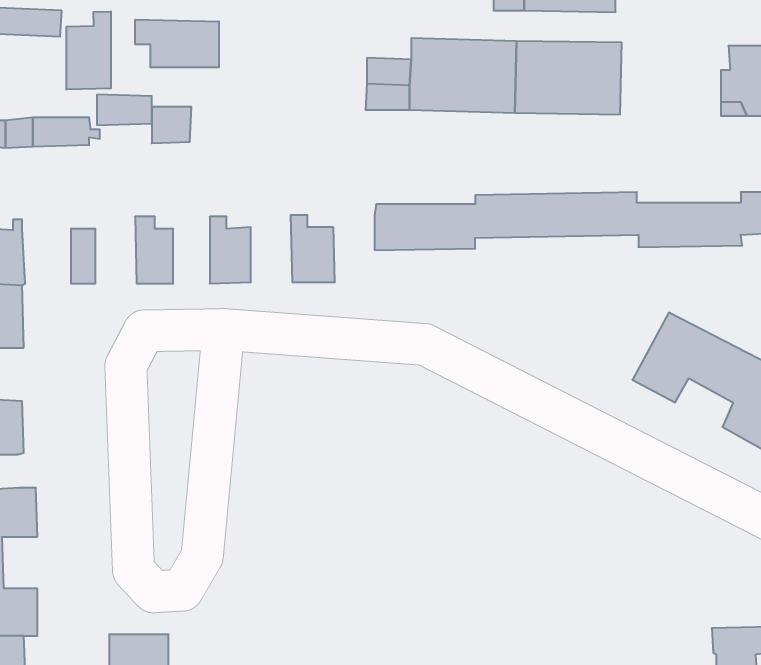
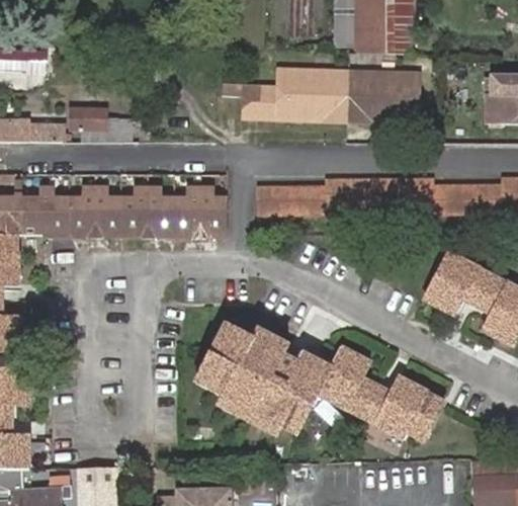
building: [66,11,111,90] -> none
building: [135,20,219,67] -> none
building: none -> [171,188,198,233]
building: none -> [68,189,95,234]
building: none -> [119,189,144,234]
building: none -> [19,190,52,234]
building: none -> [195,326,440,439]

